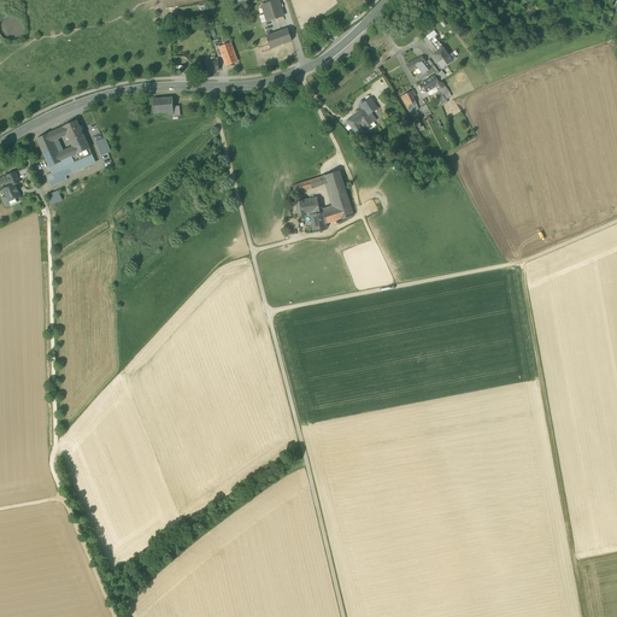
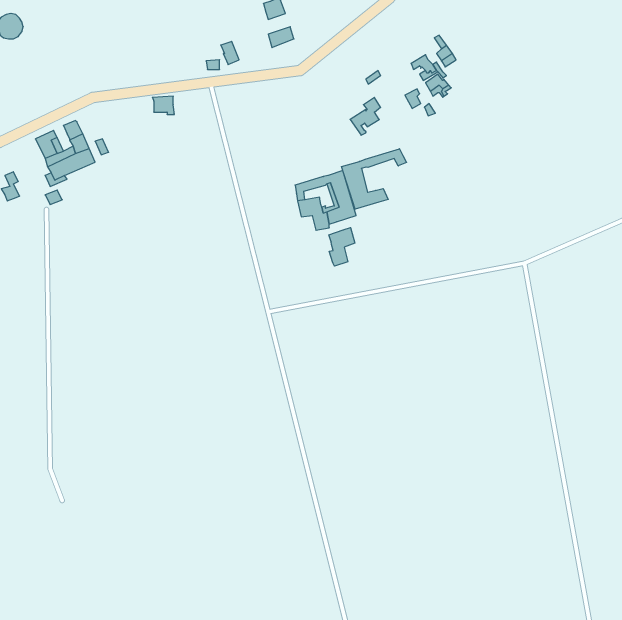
building: none -> [341,149,407,209]
building: none -> [329,228,355,266]

